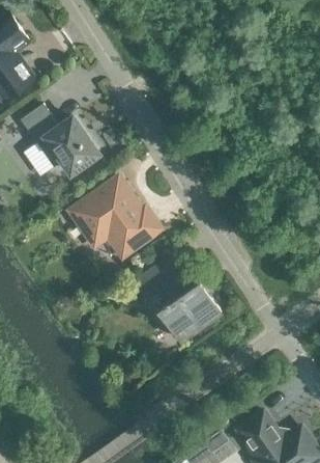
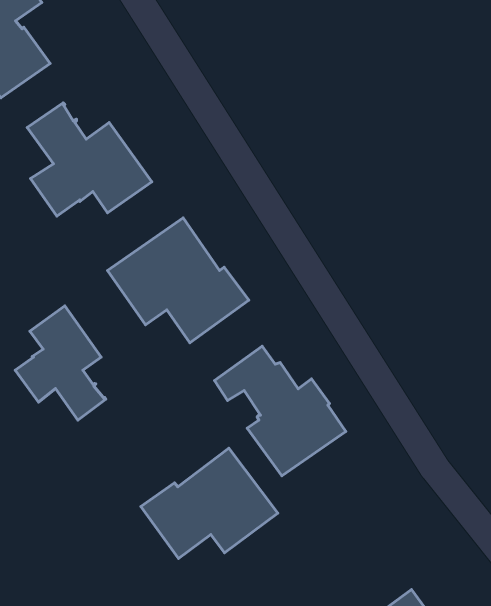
building: none -> [15,306,106,420]
building: none -> [141,448,278,558]

